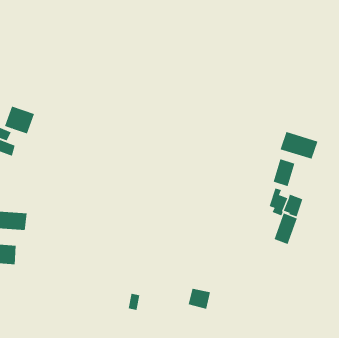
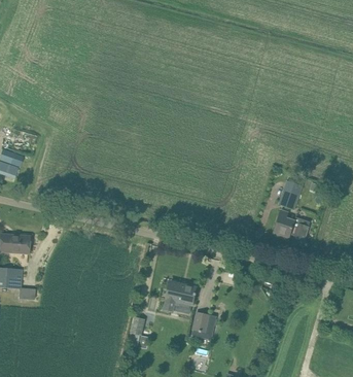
building: [280,131,318,160] -> none
building: [274,213,297,245] -> none
building: none -> [165,281,196,310]

